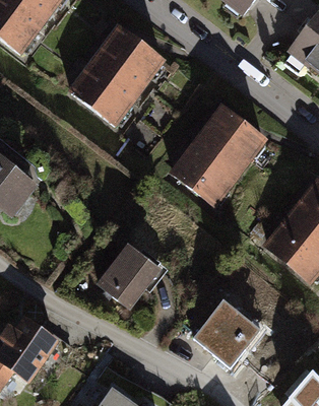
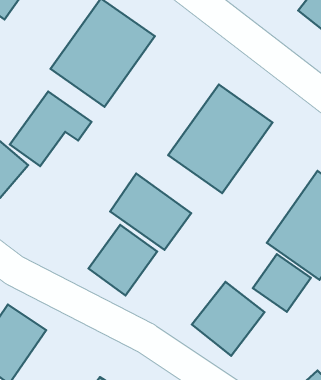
building: none -> [10,92,92,166]
building: none -> [110,174,191,250]
building: none -> [253,254,311,312]

